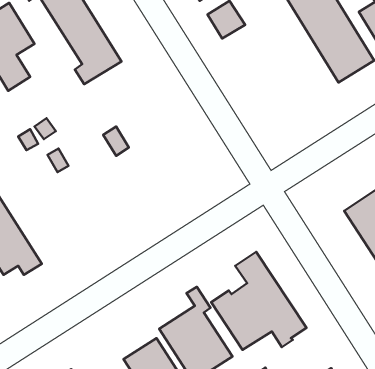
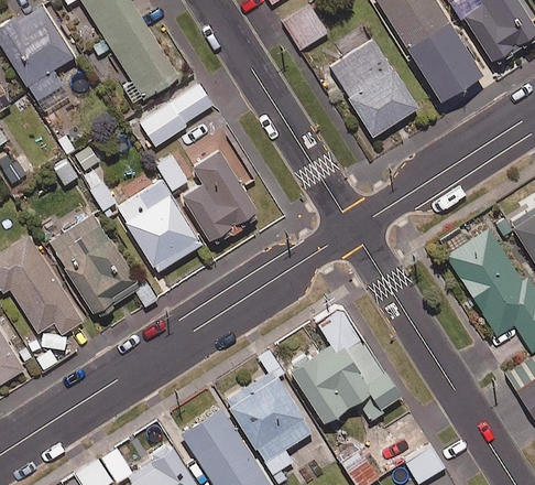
building: none -> [328,26,417,137]
building: none -> [139,84,212,147]
building: none -> [181,152,256,241]
building: none -> [125,181,200,272]
building: none -> [48,215,138,314]

